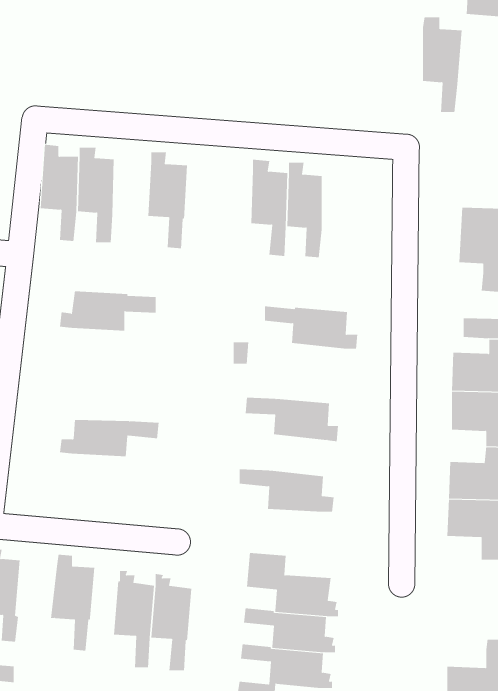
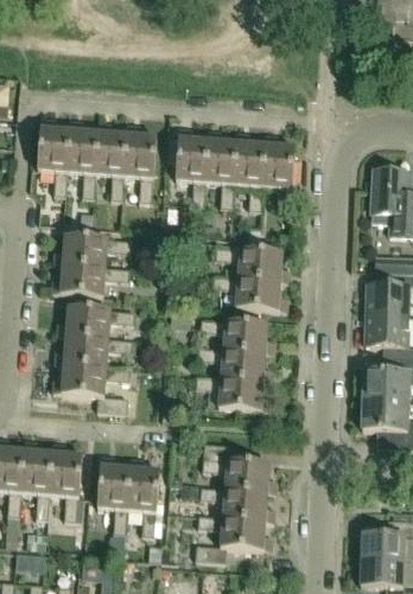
building: [422,17,463,113] -> [262,134,294,210]
building: none -> [96,121,126,198]
building: none -> [176,127,206,204]
building: none -> [52,263,128,295]
building: none -> [214,273,288,309]
building: none -> [56,305,135,337]
building: none -> [198,346,273,381]
building: none -> [52,363,129,411]
building: none -> [19,440,51,517]

